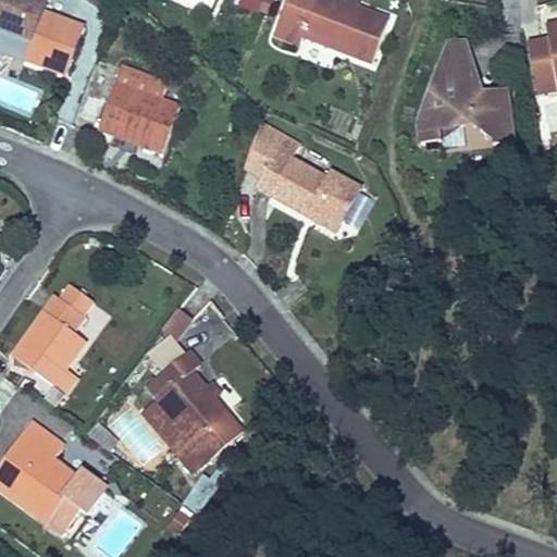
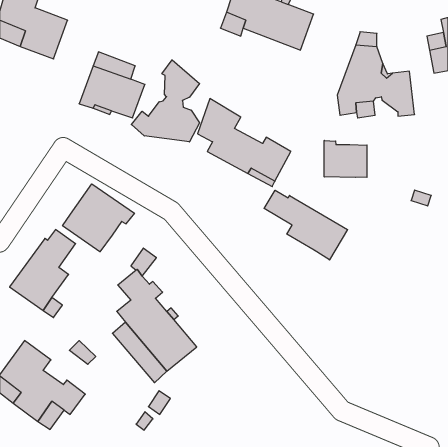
building: none -> [131,60,200,142]
building: none -> [324,140,367,177]
building: none -> [63,184,134,252]
building: none -> [264,190,348,260]

